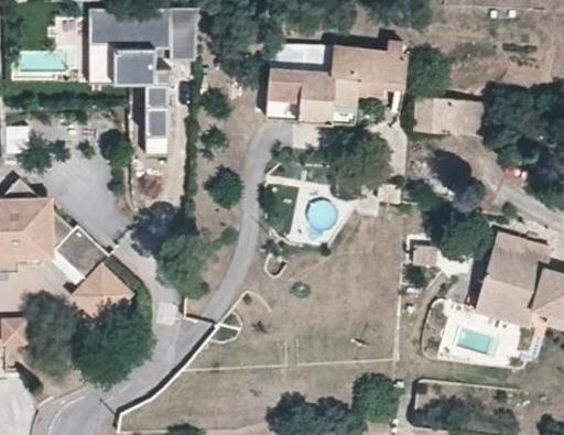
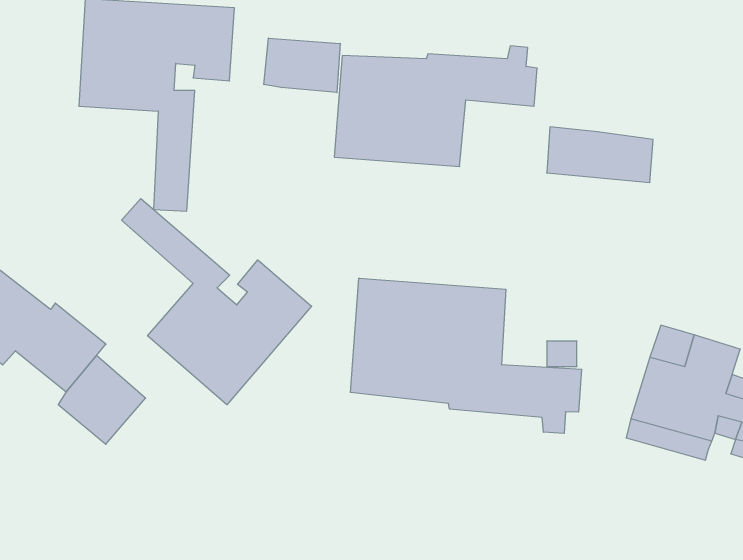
building: none -> [264,38,340,93]
building: none -> [122,199,312,405]
building: none -> [350,278,582,433]

